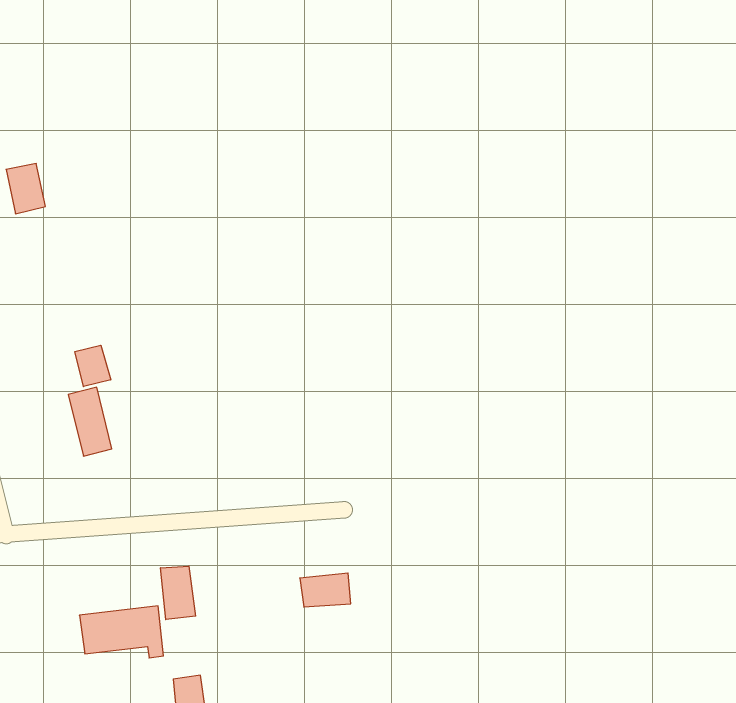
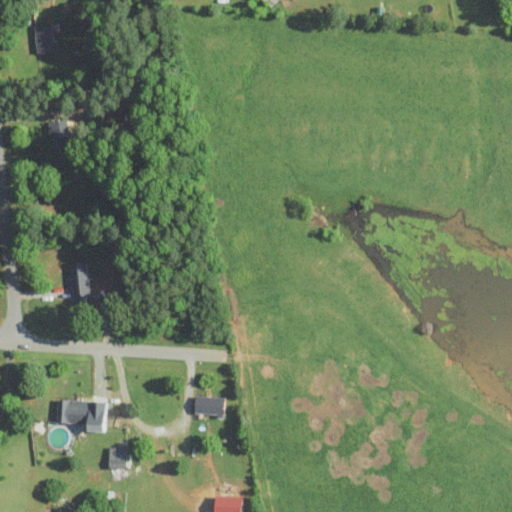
building: [75,345,111,387] -> none
building: [161,566,196,620] -> none

